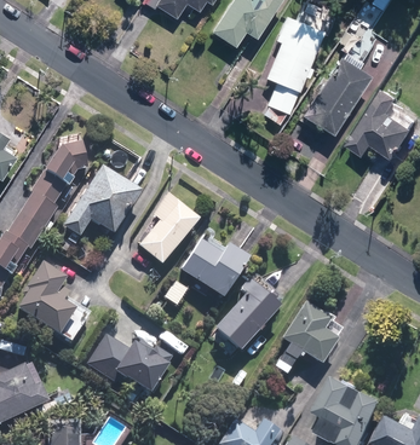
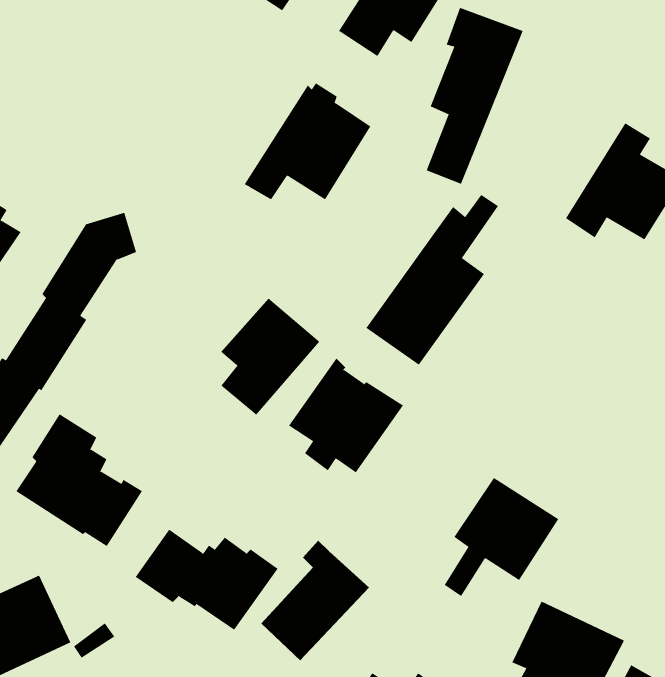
building: [299,30,380,134] -> [365,194,499,366]
building: [63,164,140,236] -> [244,83,371,200]
building: [213,278,280,352] -> [260,540,370,661]

